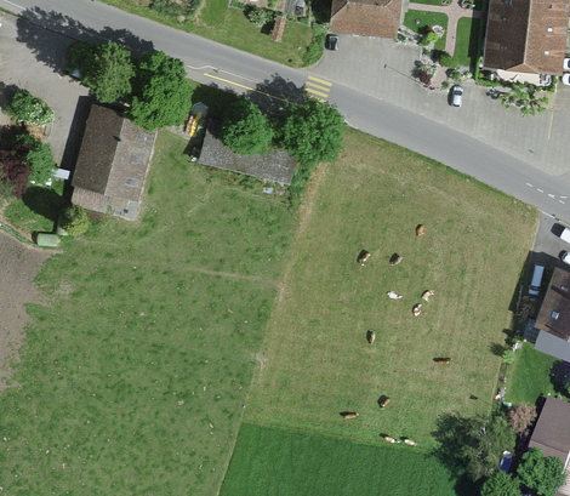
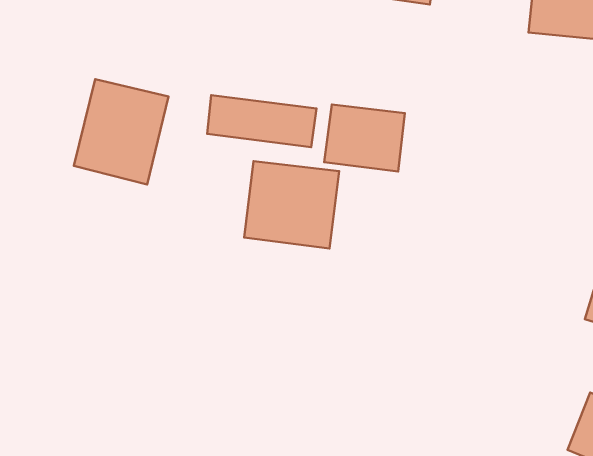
building: none -> [324,104,405,171]
building: none -> [244,161,339,249]

